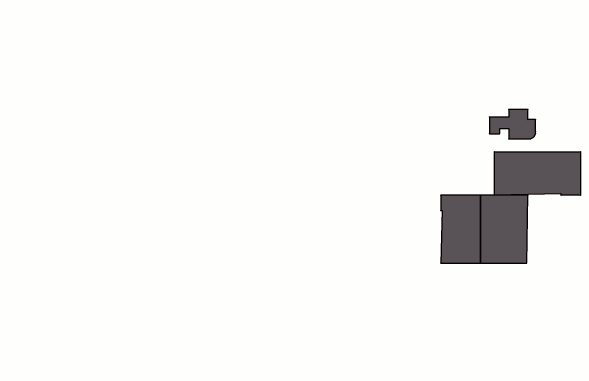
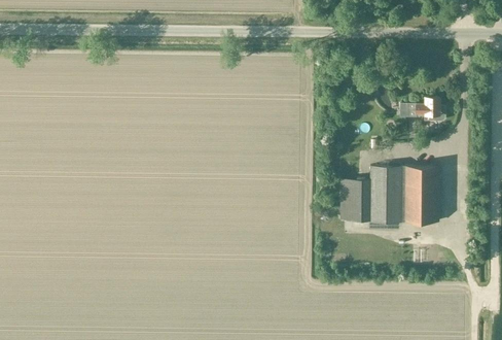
building: [494,152,581,195] -> none
building: none -> [338,180,369,223]

